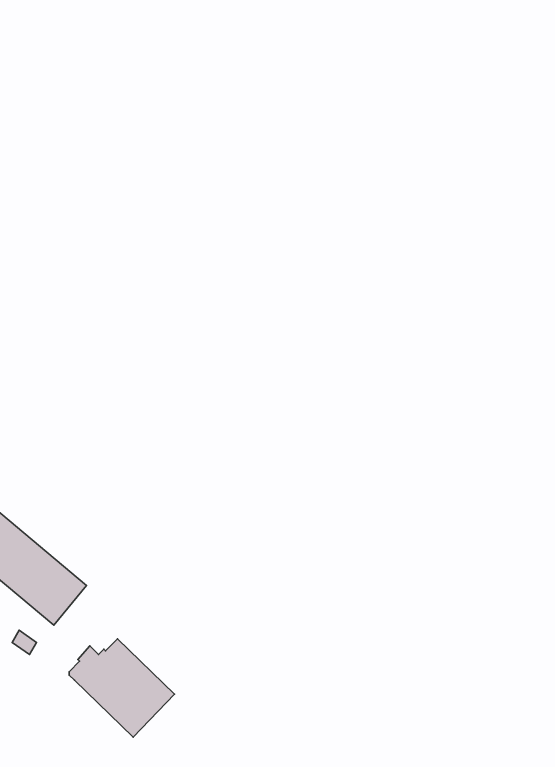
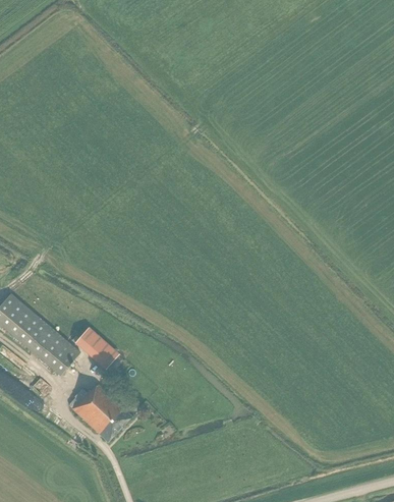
building: none -> [74,327,119,369]

